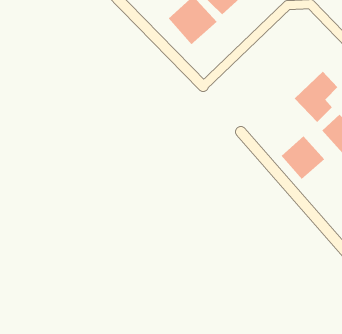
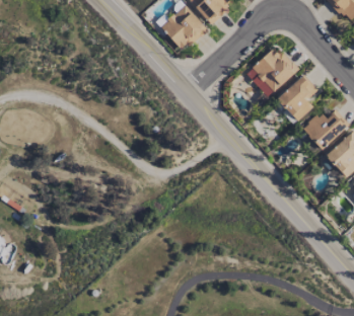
building: none -> [245,45,298,96]
building: [281,135,325,180] -> none

